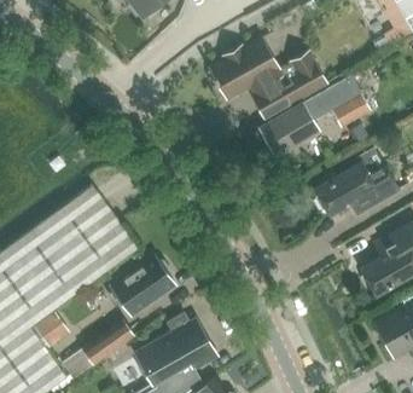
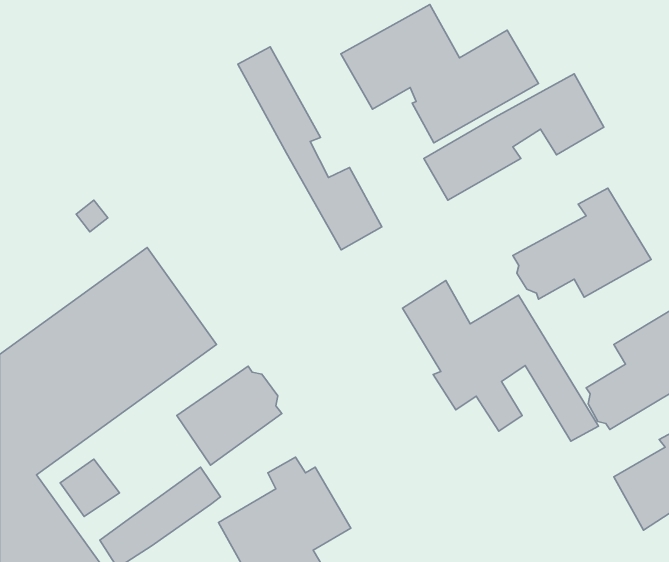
building: none -> [238,47,382,250]
building: none -> [402,280,599,441]

